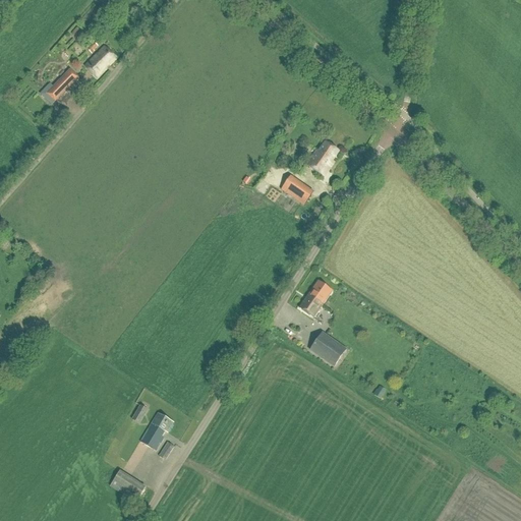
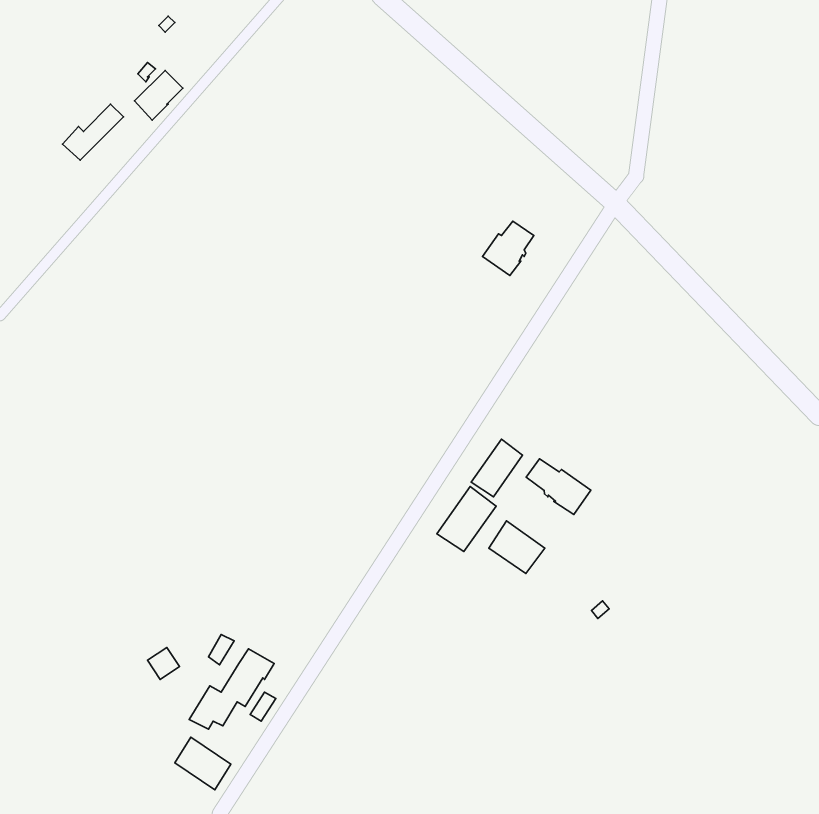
building: [282,174,311,204] -> none
building: none -> [526,459,591,514]
building: none -> [437,486,496,551]

